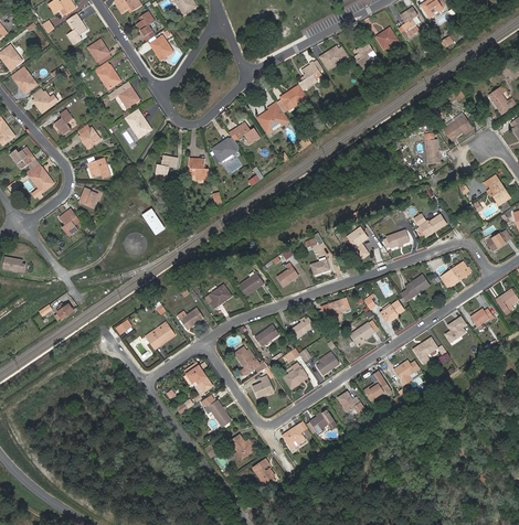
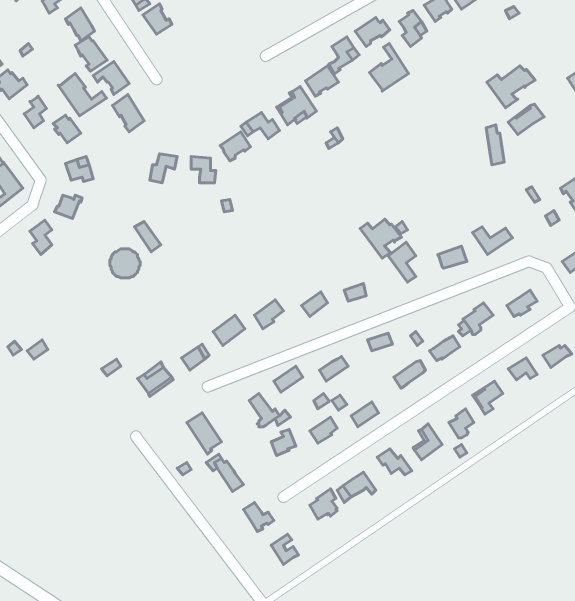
building: none -> [369,43,409,91]
building: none -> [487,66,535,108]
building: none -> [58,73,106,116]
building: none -> [360,219,401,258]

